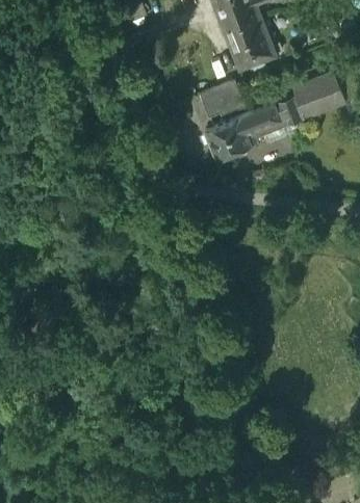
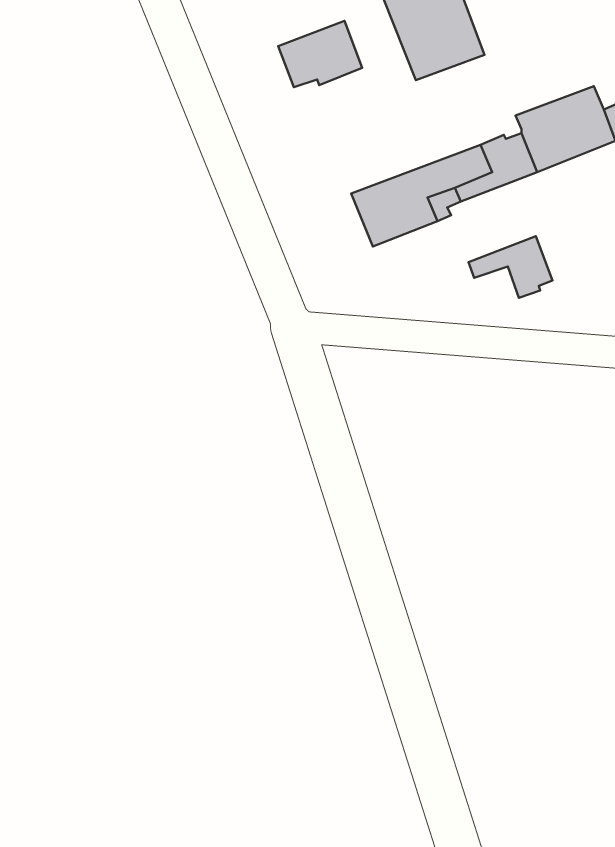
building: [201,81,246,116] -> [278,21,362,87]
building: none -> [469,236,552,298]

